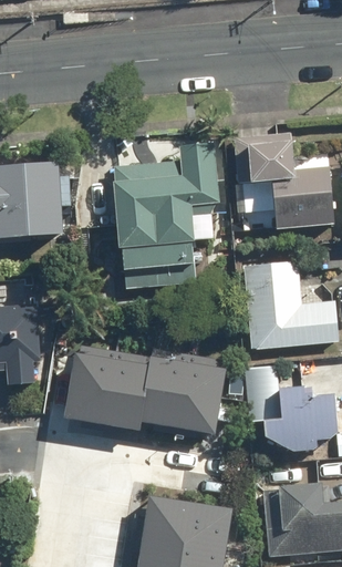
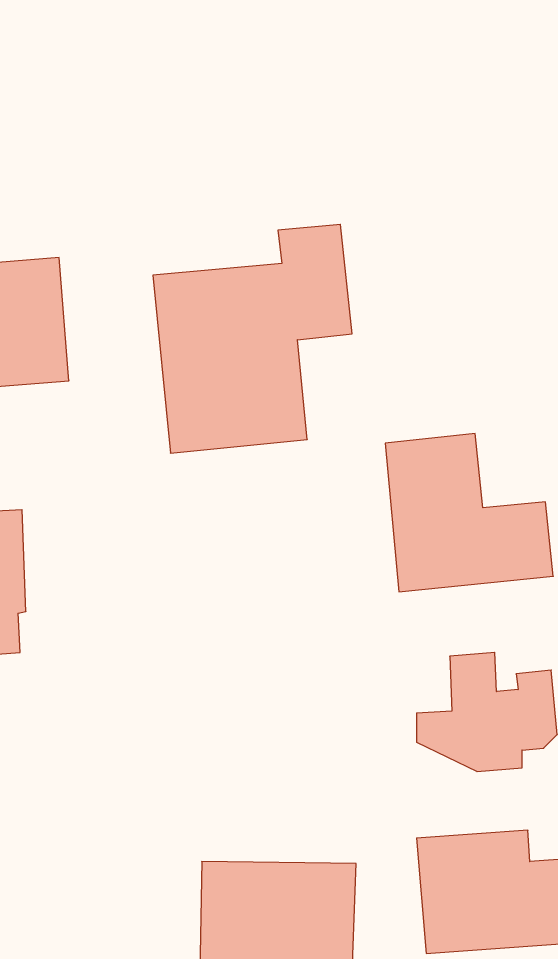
building: [237,133,334,228] -> none
building: [62,353,211,434] -> none

